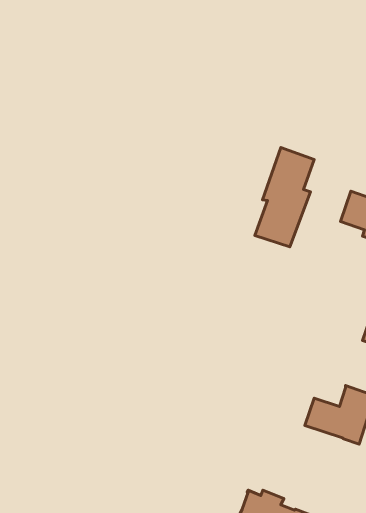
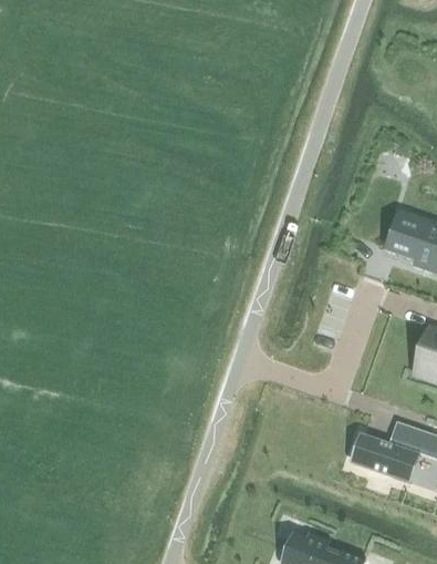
building: [255,148,314,247] -> none

